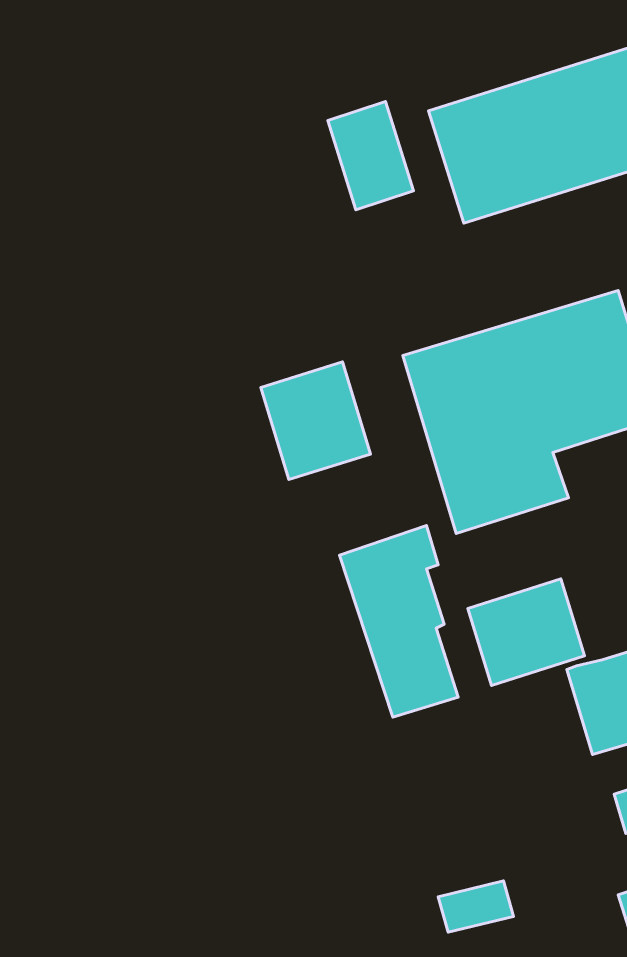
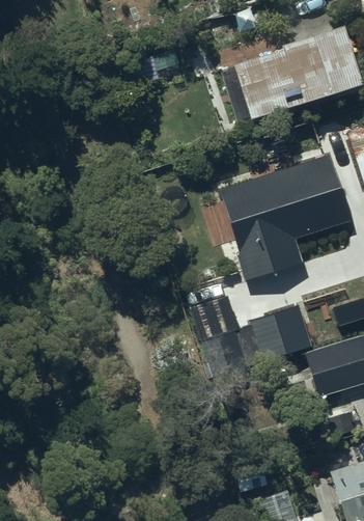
building: [328,102,414,210] -> none
building: [261,362,370,480] -> none

